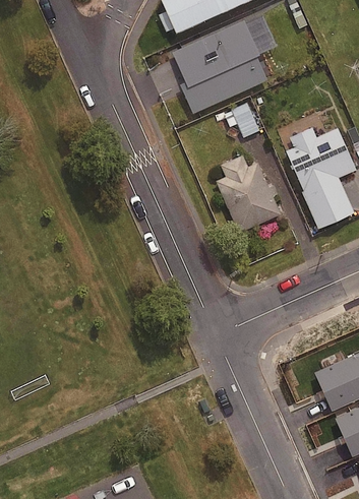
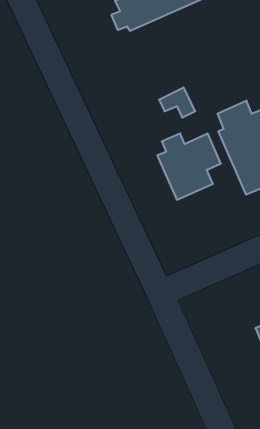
building: [171,19,267,111] -> none

